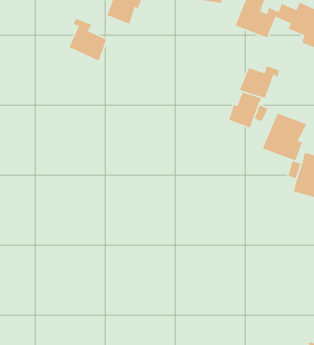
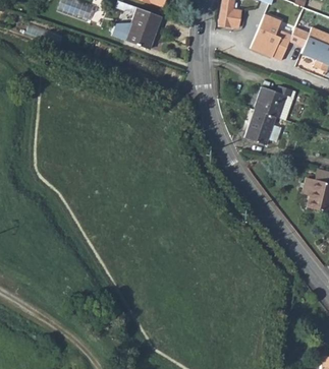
building: [69,18,107,61] -> none
building: [262,113,307,162] -> none

